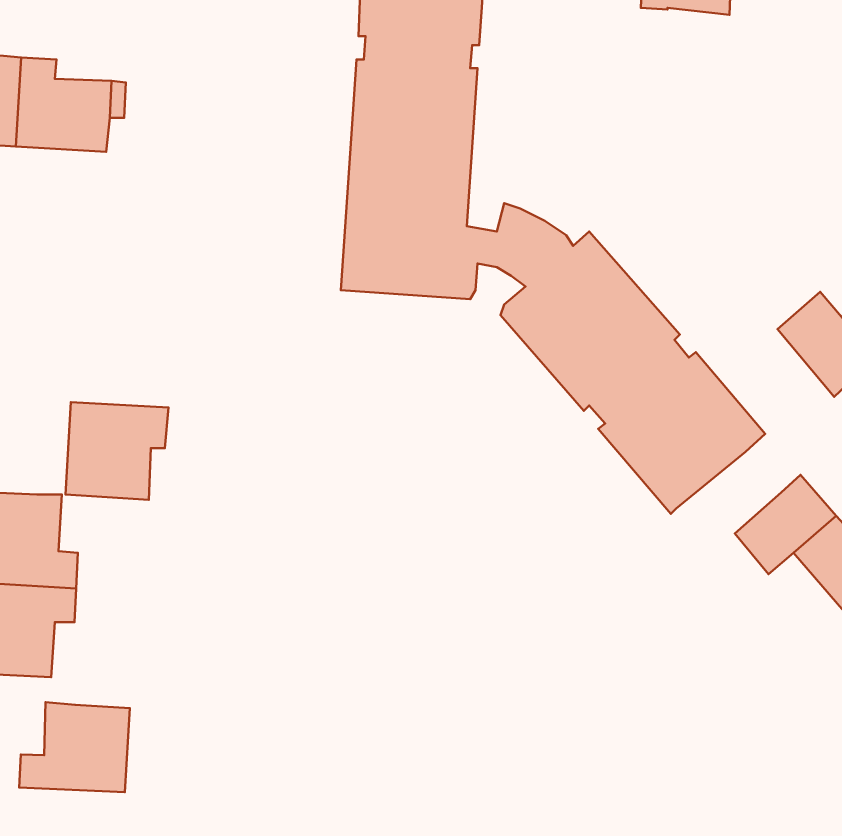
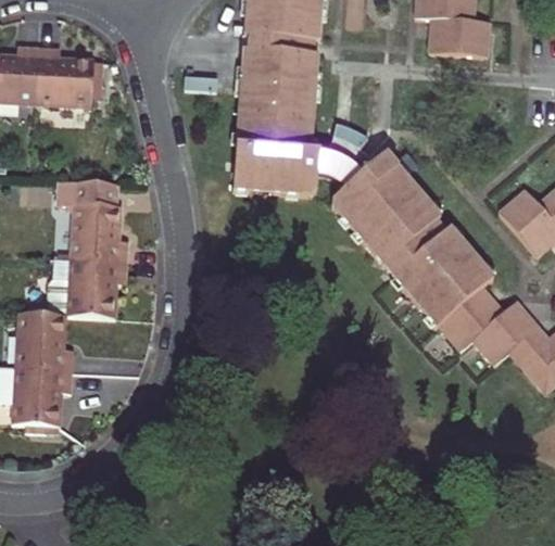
building: none -> [430,15,488,54]
building: none -> [53,179,129,259]
building: none -> [439,287,503,347]
building: [19,702,130,792] -> none

